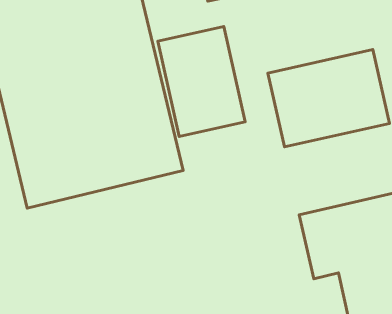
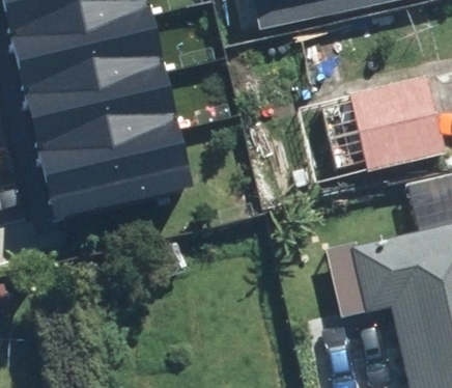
building: [158,26,245,137] -> none

